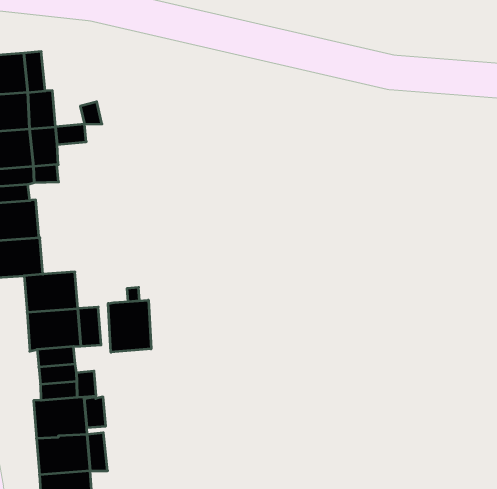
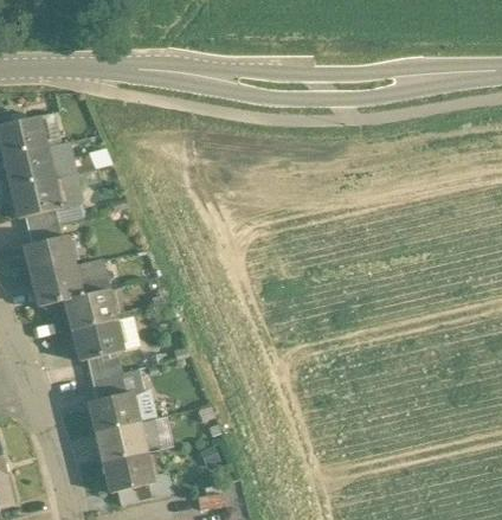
building: none -> [73,261,108,297]
building: [108,300,151,352] -> none

